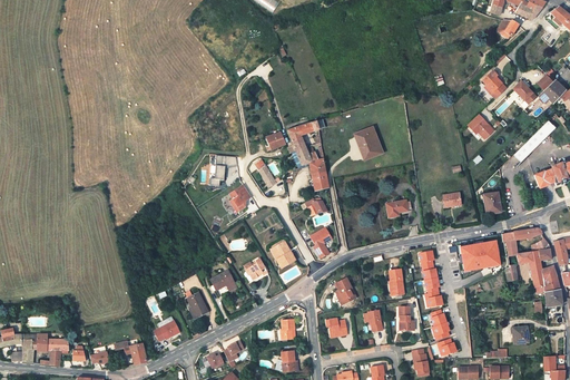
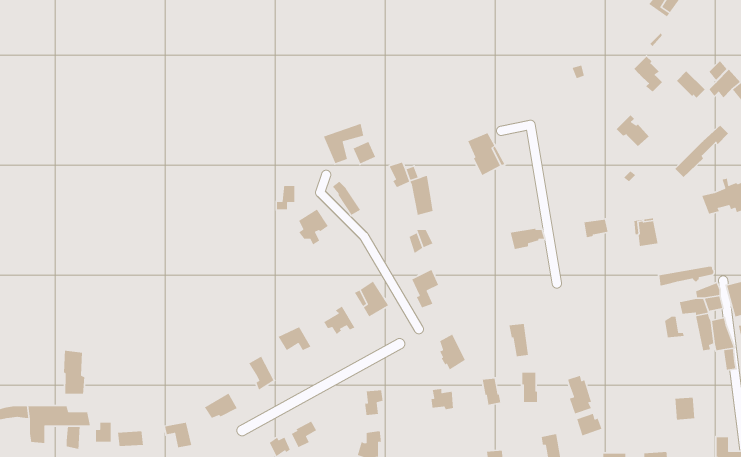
building: [288,120,320,152] -> [323,123,364,164]
building: [463,242,501,271] -> none
building: [421,251,444,308] -> none
building: none -> [63,350,85,395]

